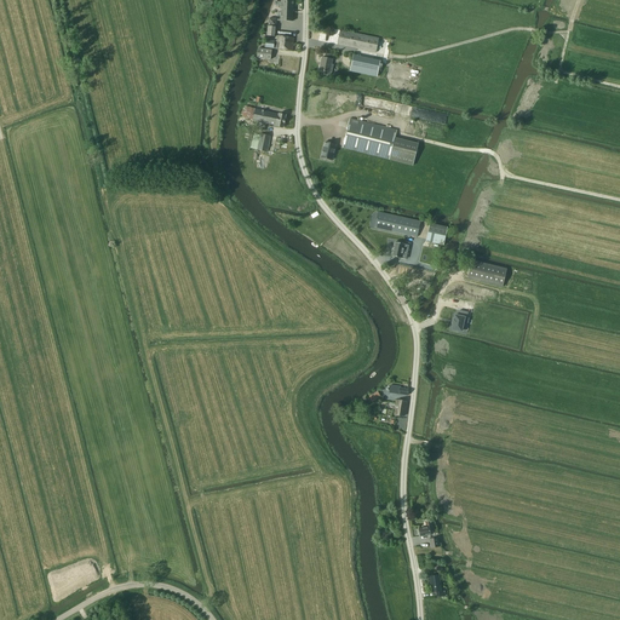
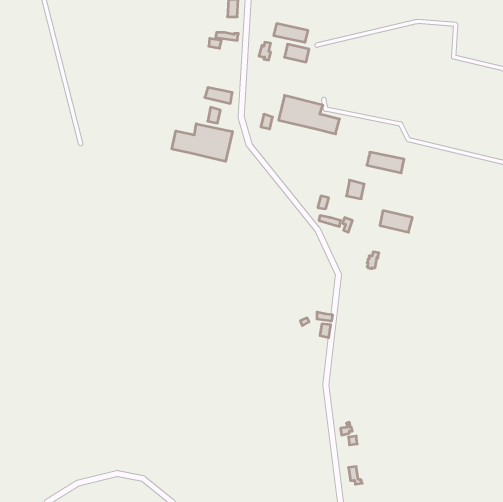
building: none -> [172,124,232,161]
building: [374,211,420,236] -> [367,152,404,173]

